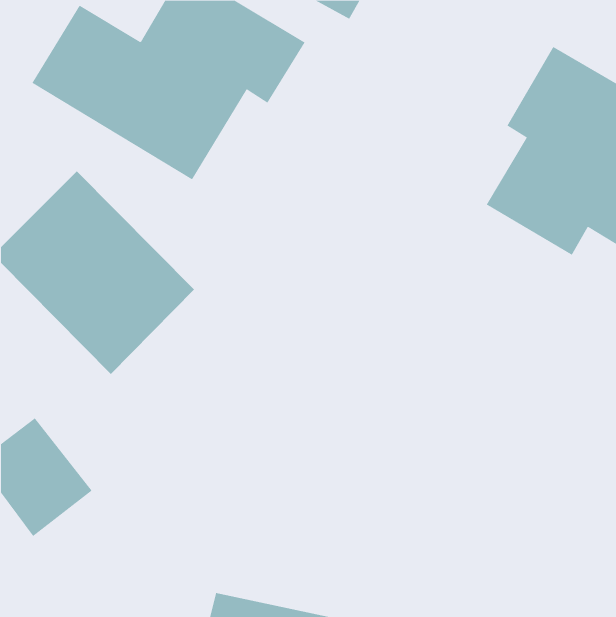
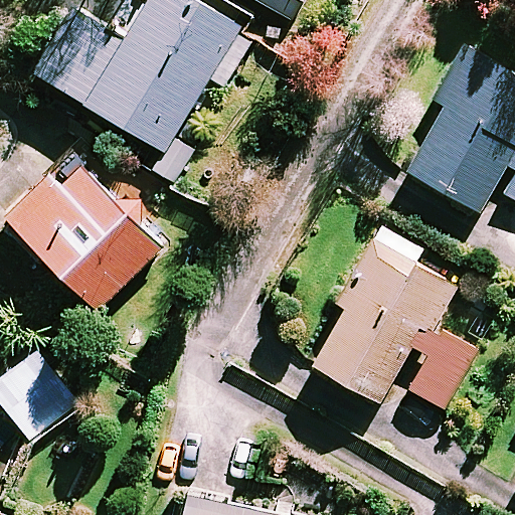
building: none -> [309,229,479,411]

